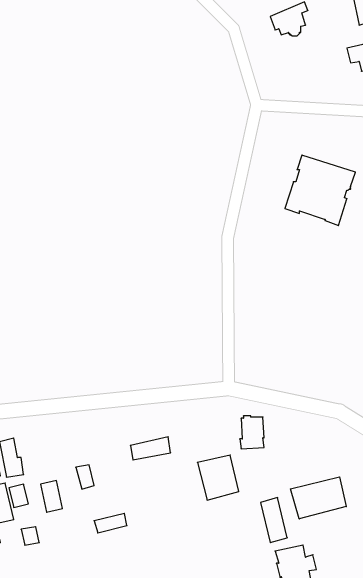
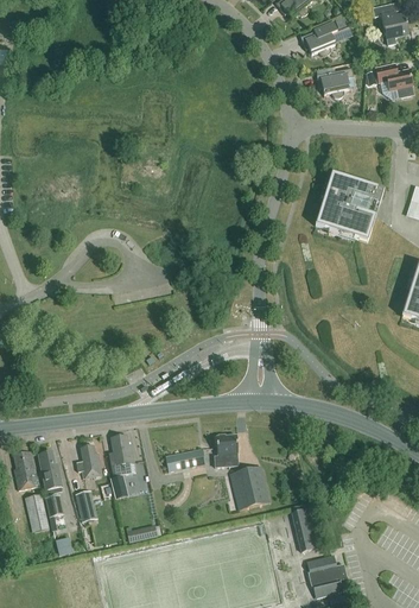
building: none -> [316,66,354,97]
building: [240,416,264,449] -> [214,432,237,464]
building: none -> [109,433,135,473]
building: none -> [76,444,102,476]
building: [290,477,346,519] -> none

